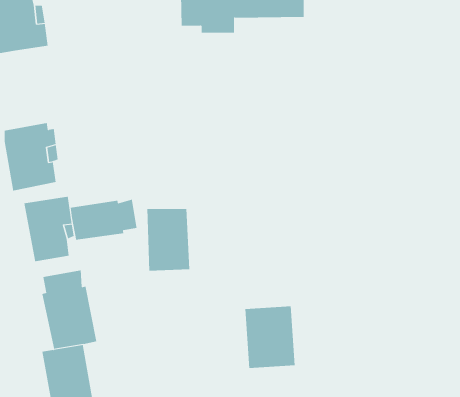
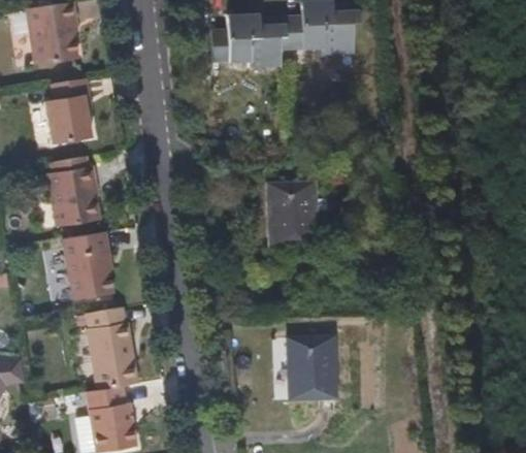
building: none -> [45,75,95,141]
building: [70,199,137,241] -> none
building: [146,209,190,271] -> [270,195,316,260]

